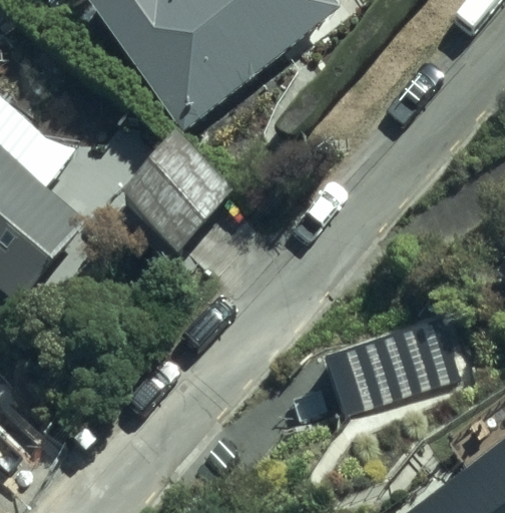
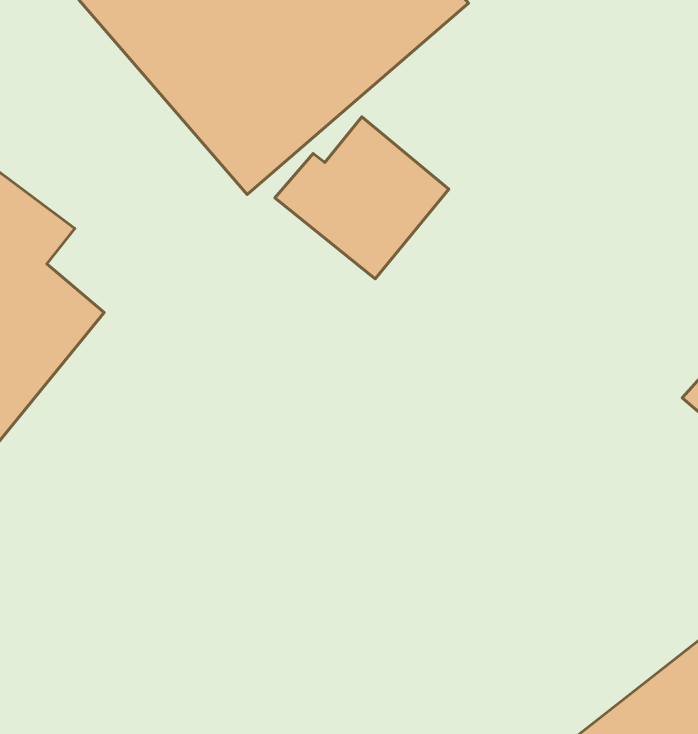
building: [111,142,229,252] -> [275,117,449,279]
building: [330,309,470,409] -> none

